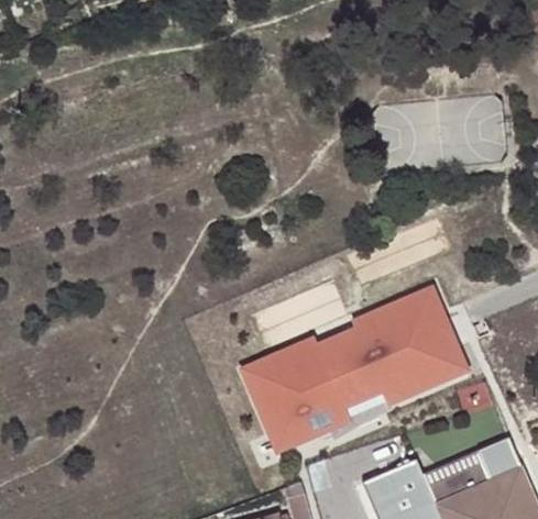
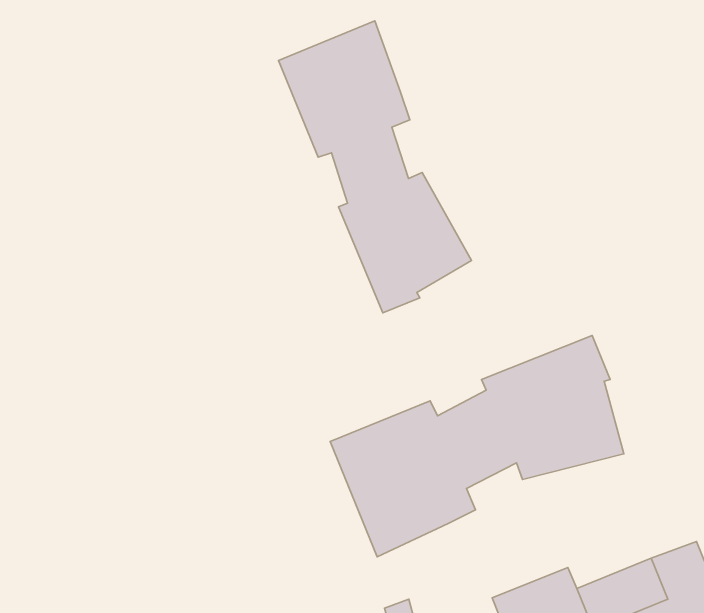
building: none -> [278,21,471,313]
building: [329,321,468,434] -> none

